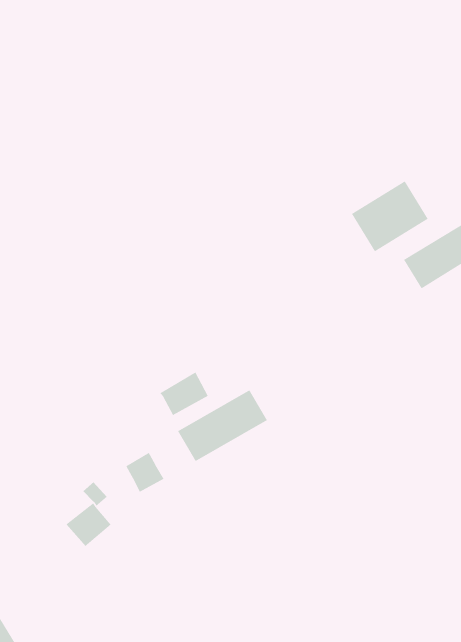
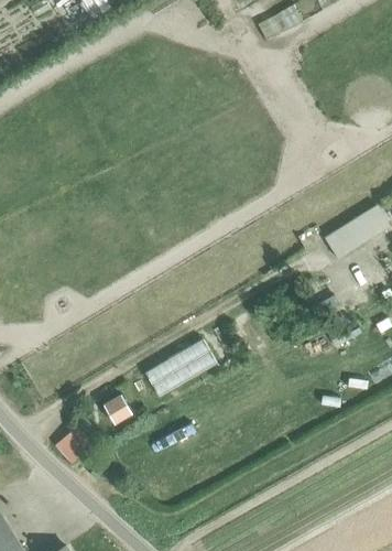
building: [351,180,428,252] -> none
building: [160,372,208,416] -> none

